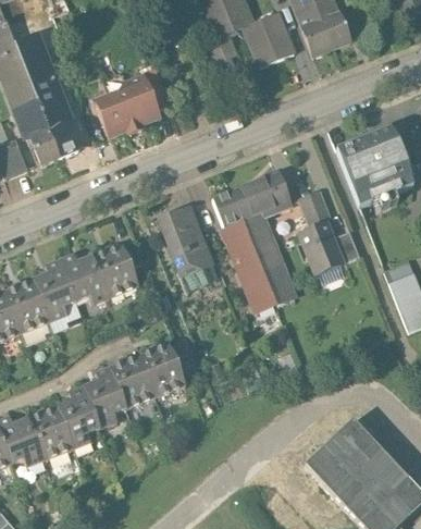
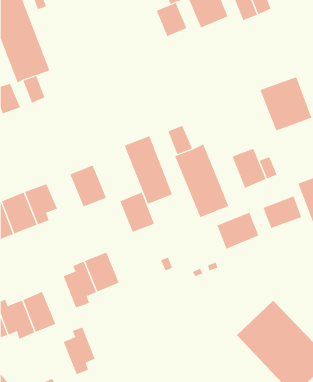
building: [91,73,159,136] -> none
building: [48,121,77,156] -> none
building: [236,173,293,222] -> none
building: [298,190,331,227] -> none
building: [61,255,108,304] -> none
building: none -> [263,195,302,229]
building: none -> [217,212,259,249]
building: [138,343,184,395] -> [120,192,155,232]
building: [55,386,98,448] -> [63,327,96,375]

